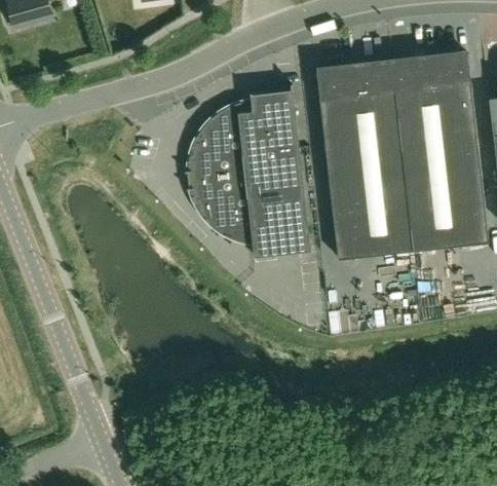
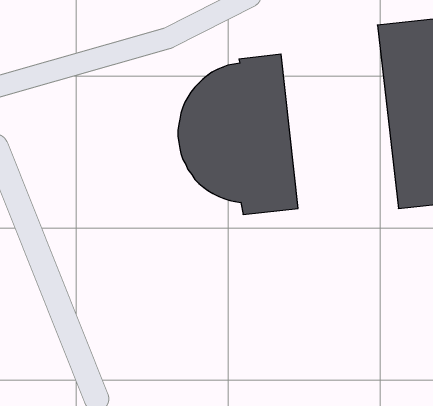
building: [316,61,413,257] -> none

